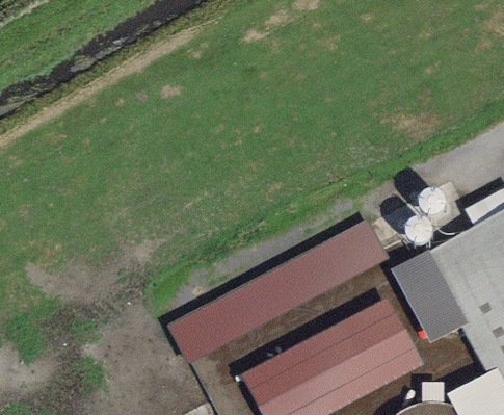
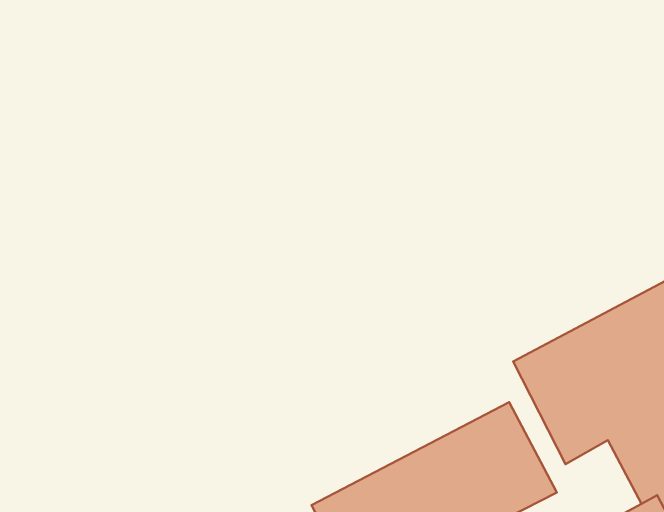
building: [166,217,388,364] -> none

